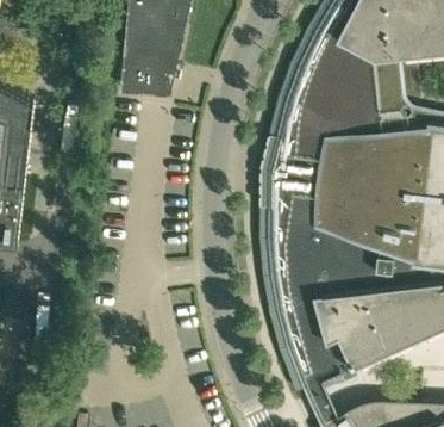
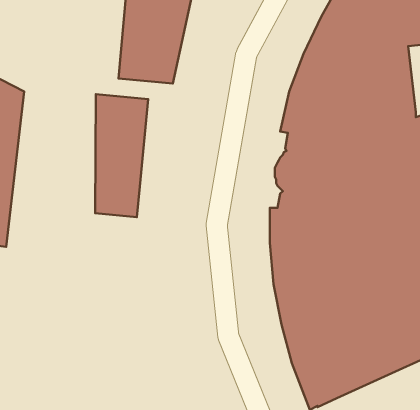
building: none -> [95,94,148,217]

